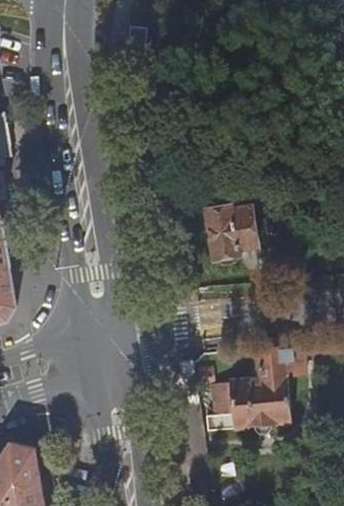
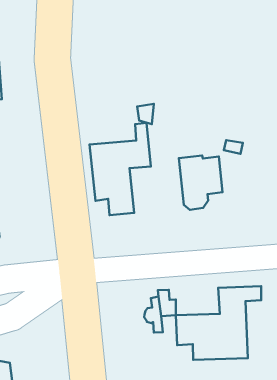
building: none -> [90,123,151,215]

